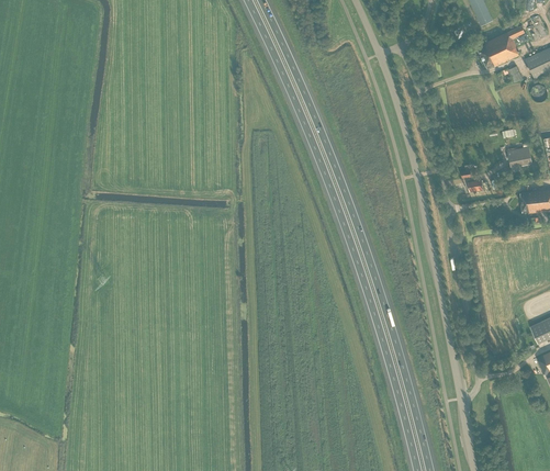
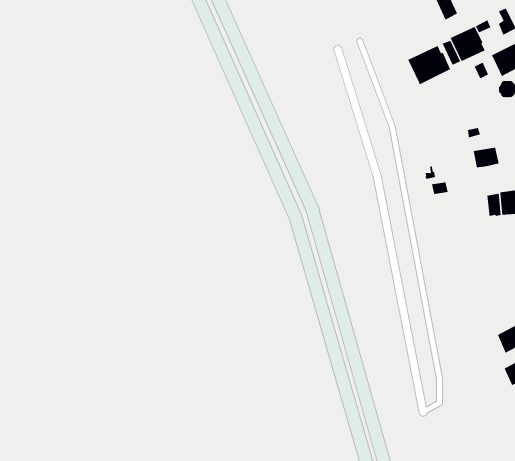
building: none -> [407,45,451,85]

